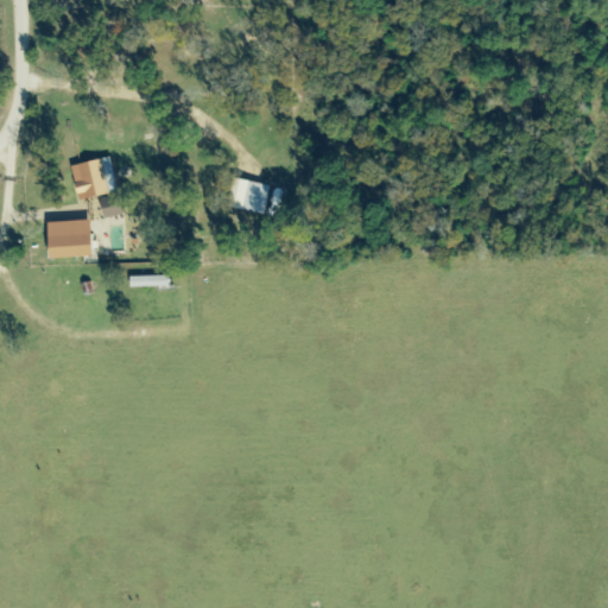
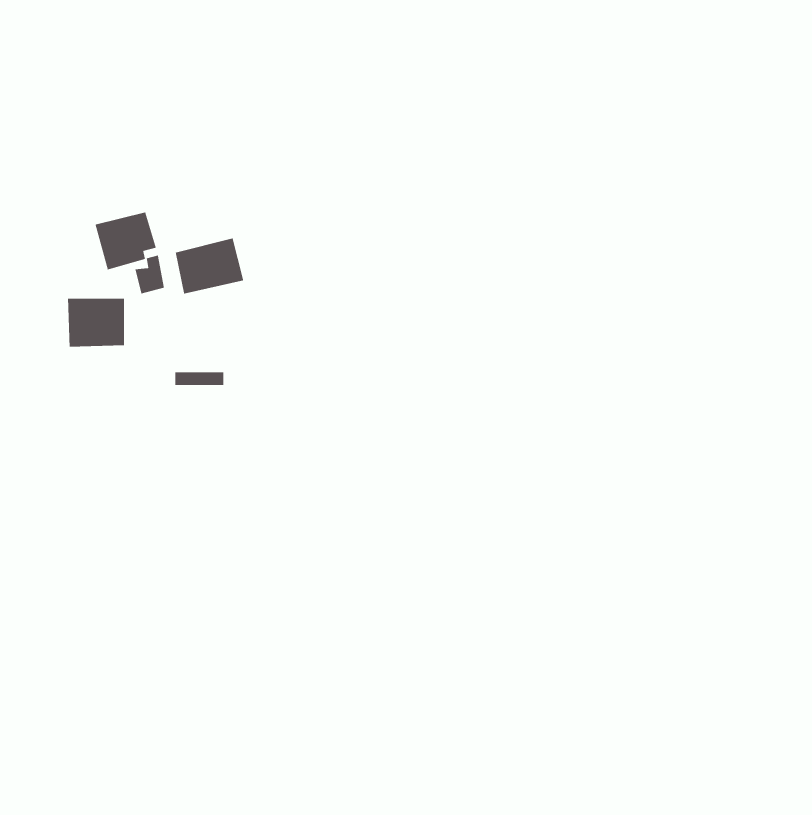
building: none -> [175,237,244,295]
building: [227,177,270,214] -> none

